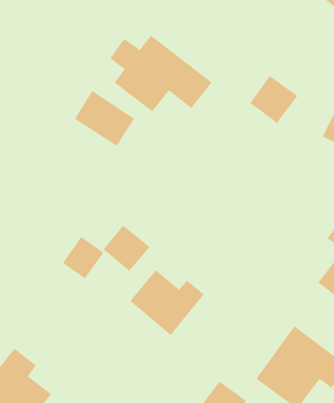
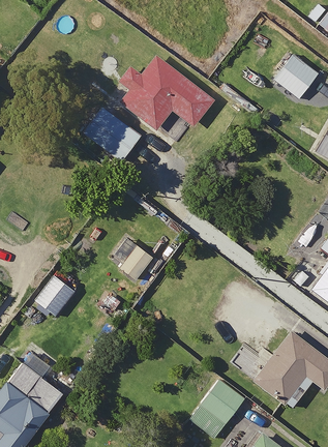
building: [249,75,298,124] -> [274,54,320,99]
building: [62,236,104,279] -> [36,275,76,316]
building: [129,270,205,336] -> none

